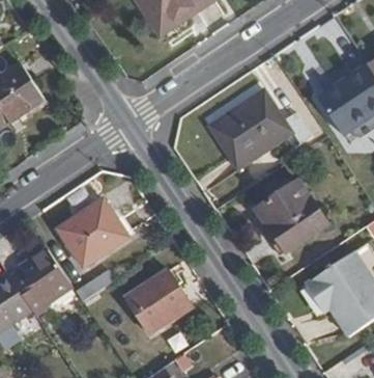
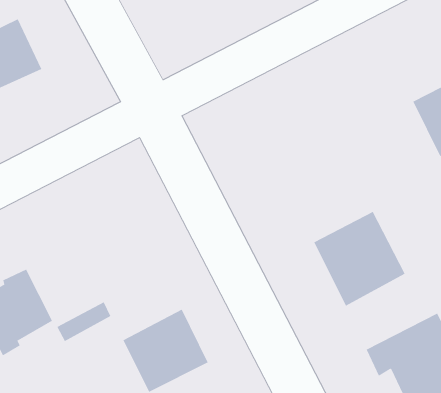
building: [209,89,313,170] -> none
building: [58,198,124,264] -> none

